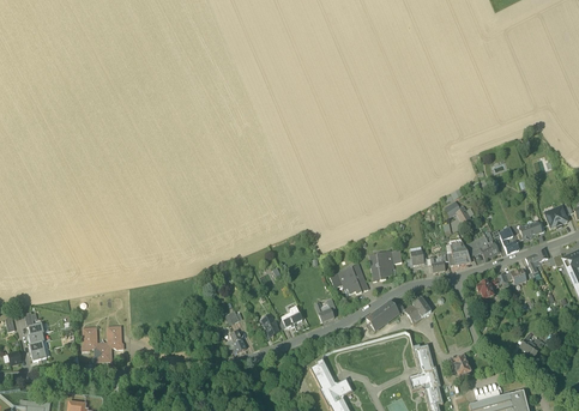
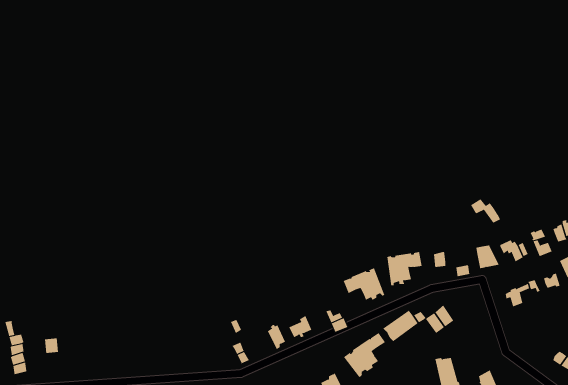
building: none -> [343,332,386,378]
building: [82,326,123,362] -> none

